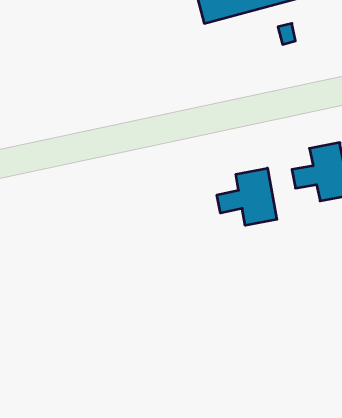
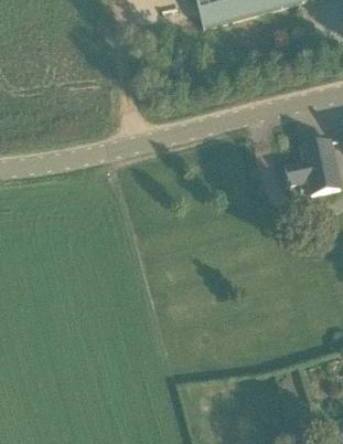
building: [217,168,277,225] -> none

